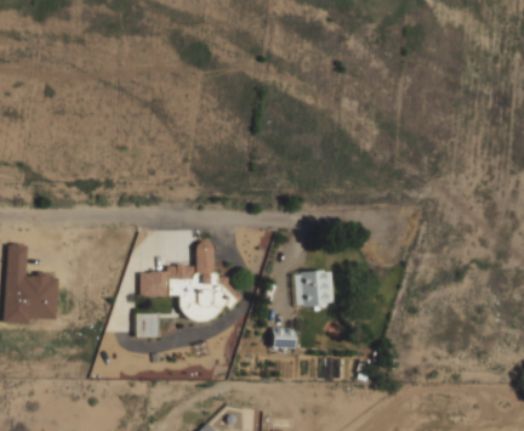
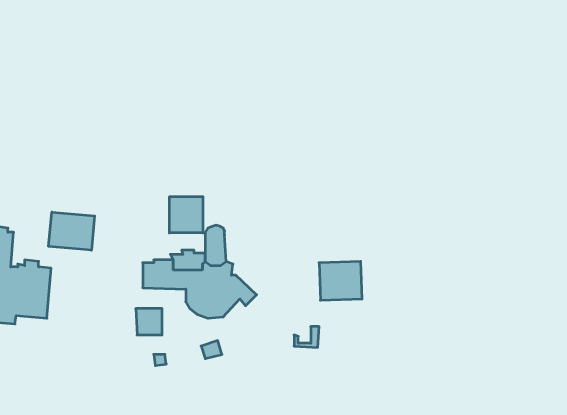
building: none -> [169,197,203,233]
building: none -> [49,212,95,250]

